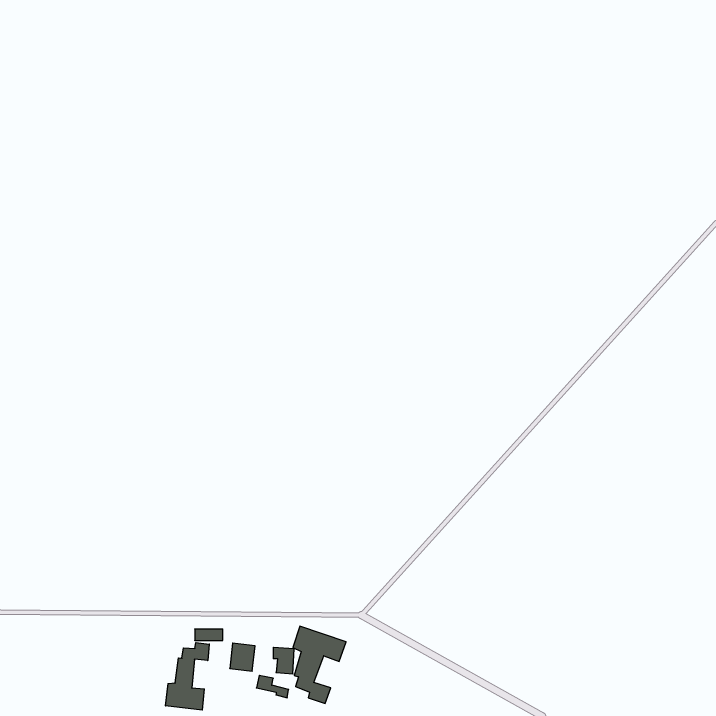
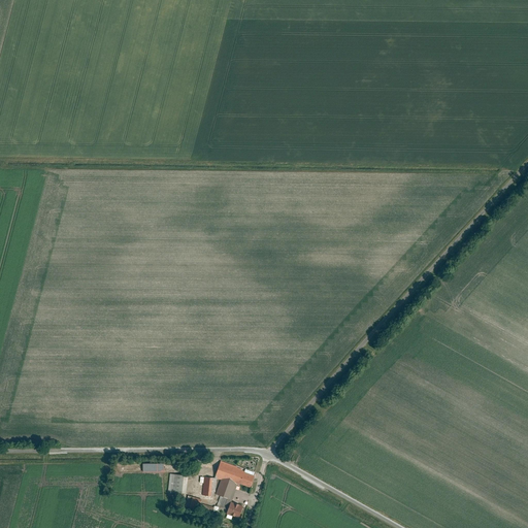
building: [166,643,209,710] -> none

